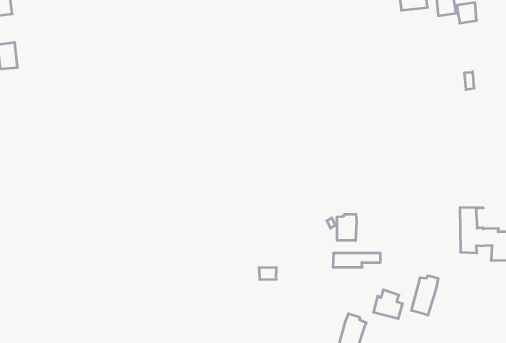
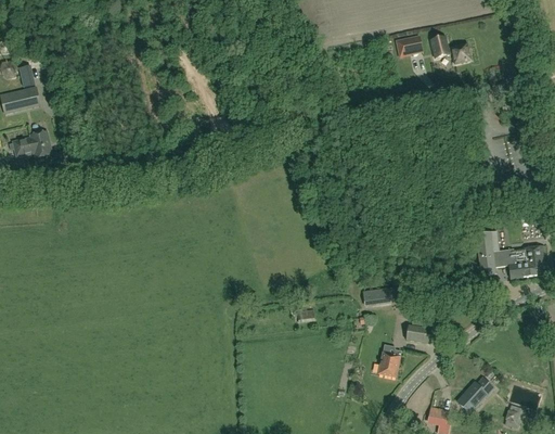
building: [337,214,357,241] -> none
building: [412,276,438,315] -> none

